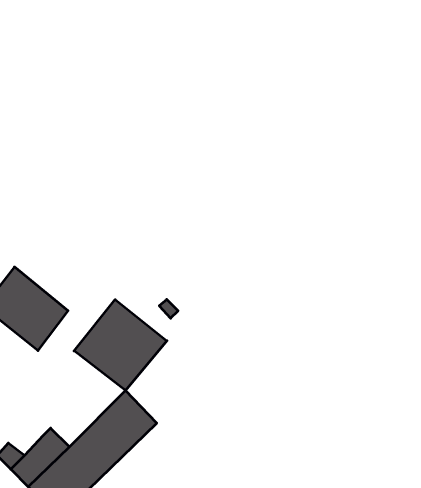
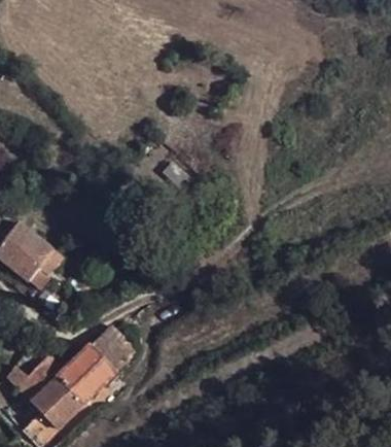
building: [74,300,167,391] -> none

